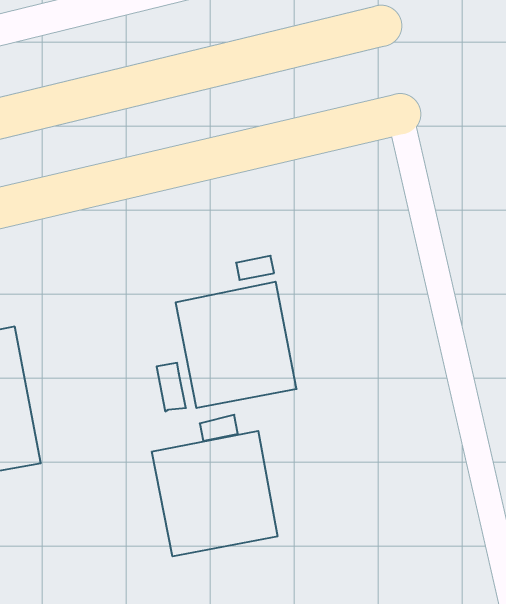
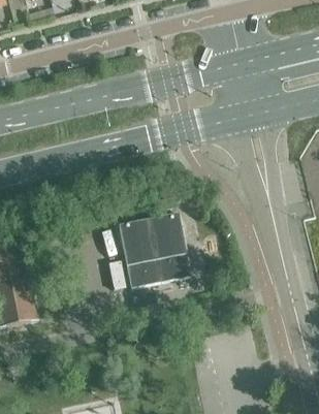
building: [152,431,277,556] -> none

